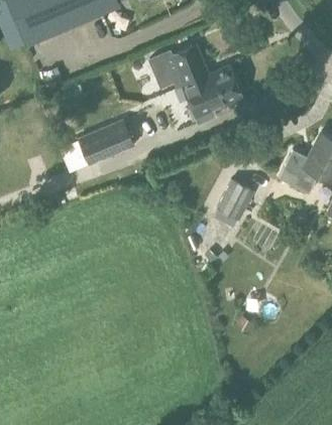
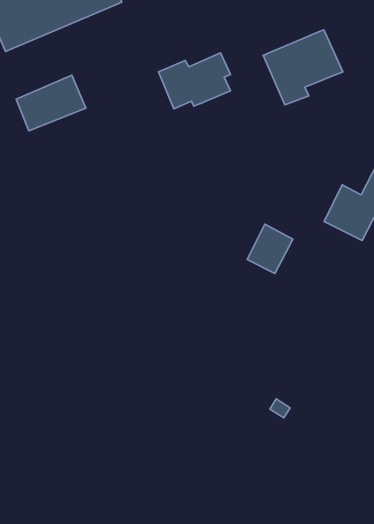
building: [180,65,243,125] -> [263,30,343,105]
building: [78,121,133,165] -> [16,75,86,131]

